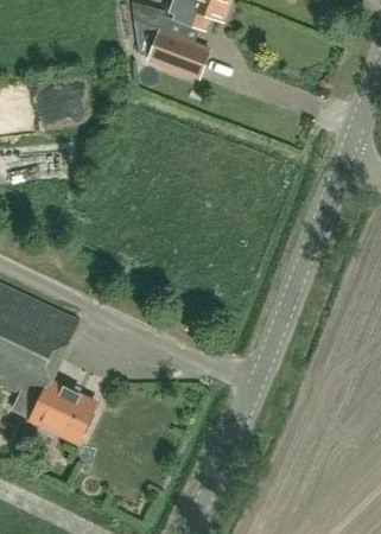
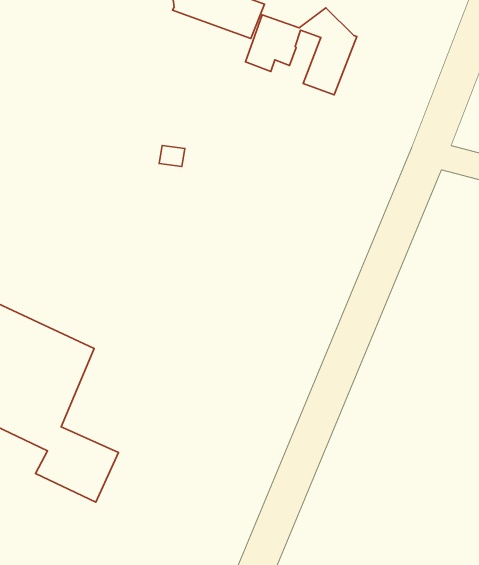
building: none -> [245,8,357,95]

